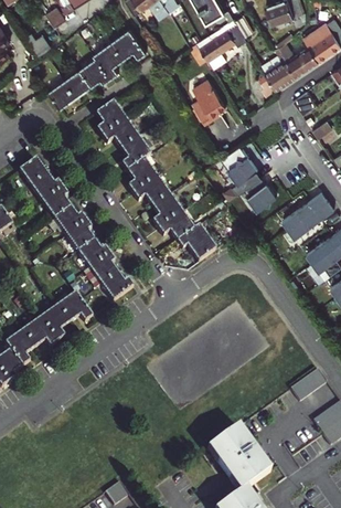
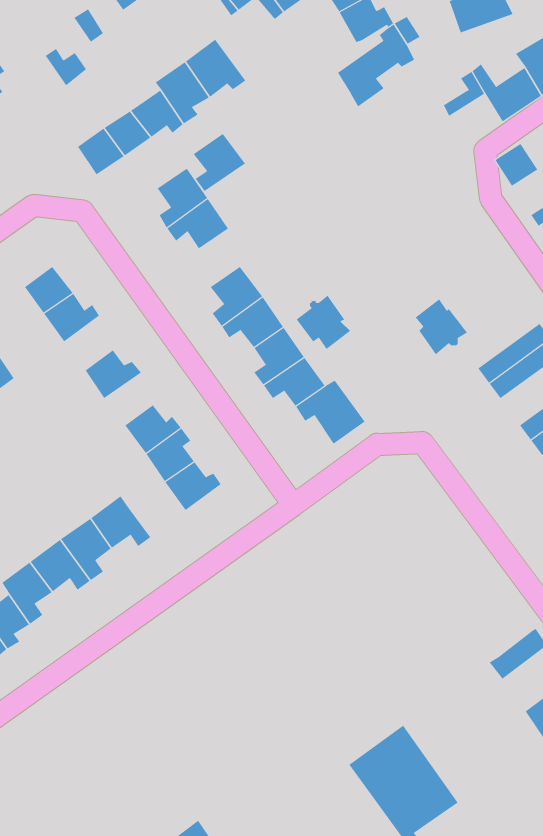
building: [266,59,297,88] -> none
building: [194,76,227,123] -> none
building: [120,137,151,171] -> [193,133,246,192]
building: [228,157,260,189] -> [296,295,351,350]
building: [42,188,71,220] -> none
building: [65,221,94,252] -> none

